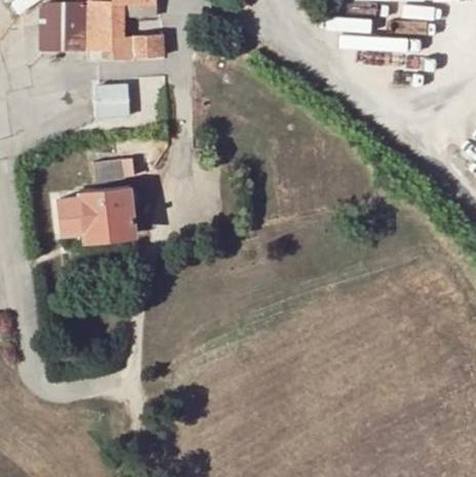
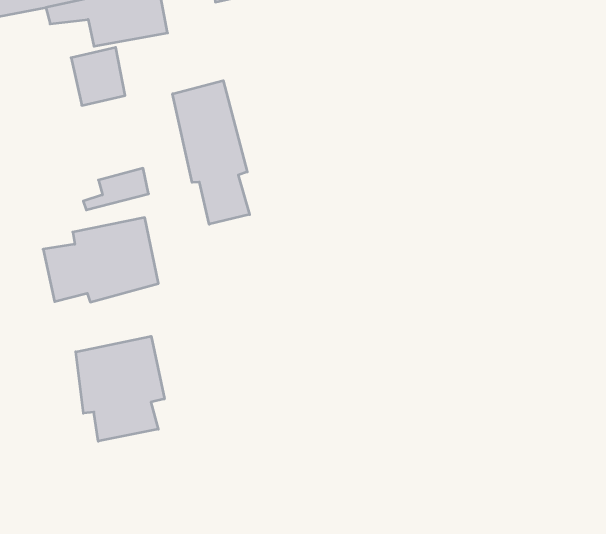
building: none -> [173,81,250,224]
building: none -> [76,336,164,441]

